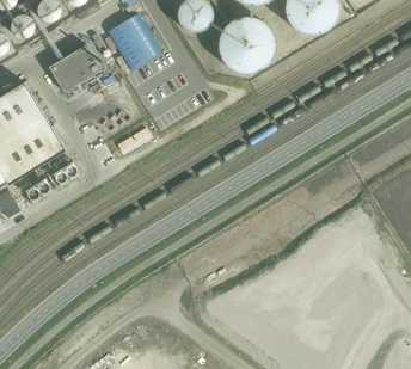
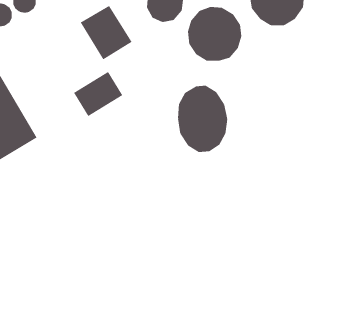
building: [48,44,100,92] -> [73,71,123,117]
building: none -> [178,85,228,153]

